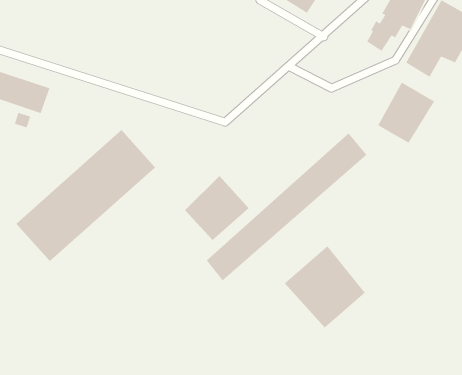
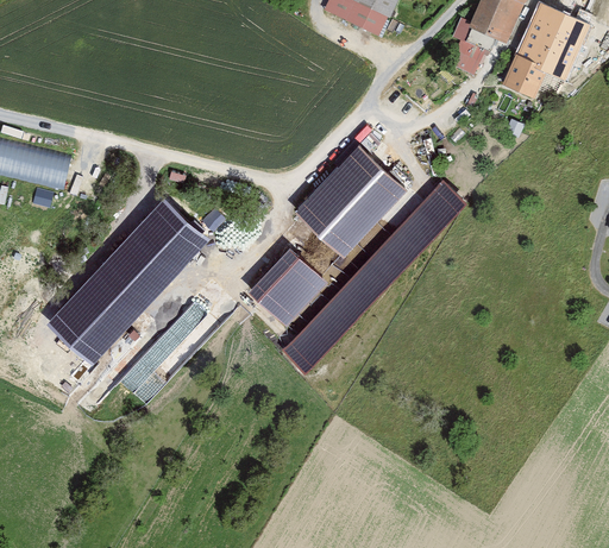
building: [377,82,435,144] -> none
building: none -> [295,143,407,256]
building: [284,245,366,328] -> none

